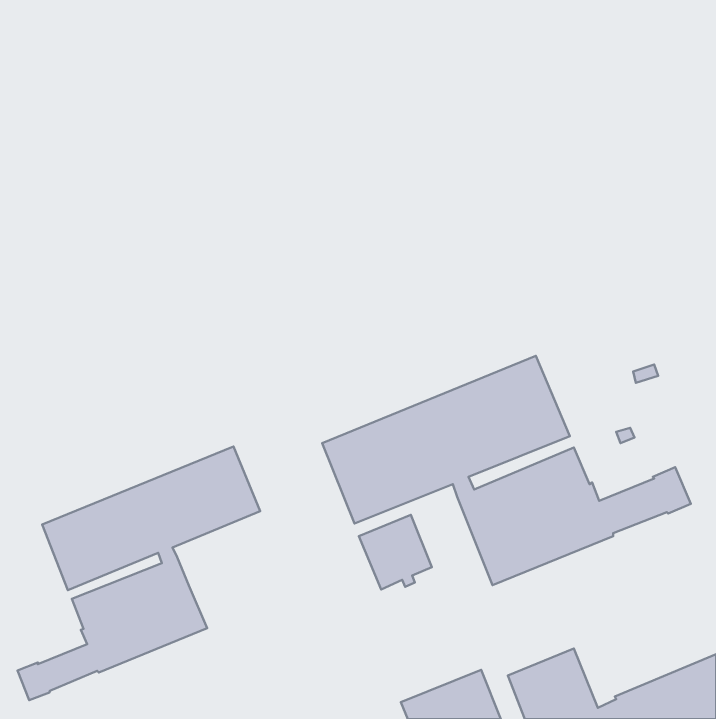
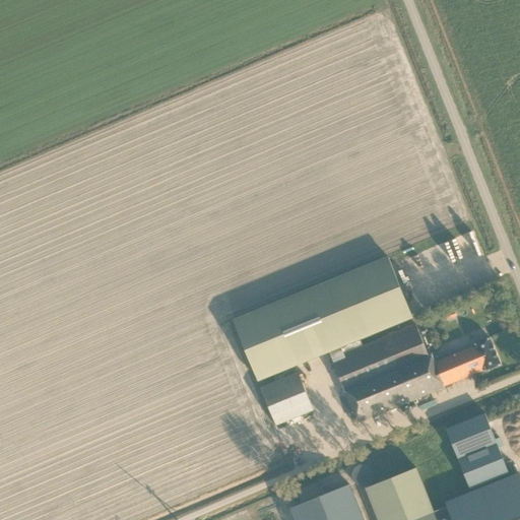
building: [17,447,260,700] -> none
building: none -> [445,412,508,489]

